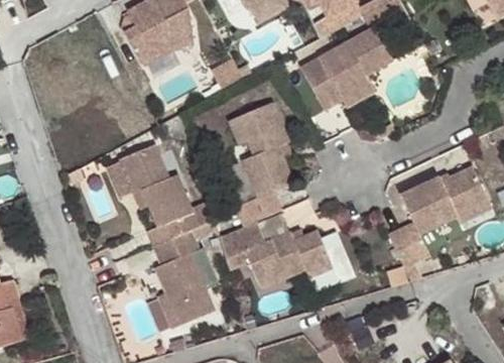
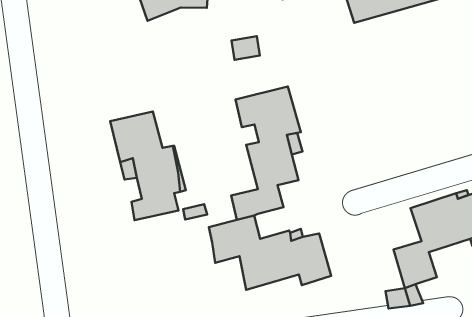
building: [298,27,393,111] -> none
building: [151,227,217,322] -> none

